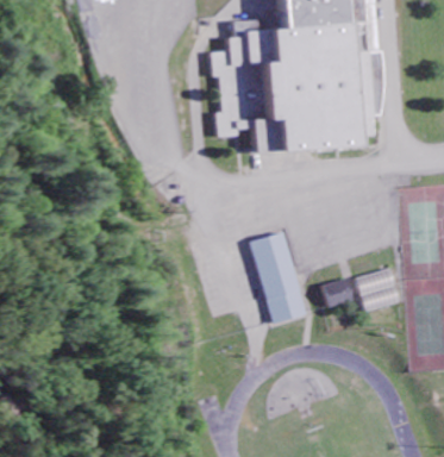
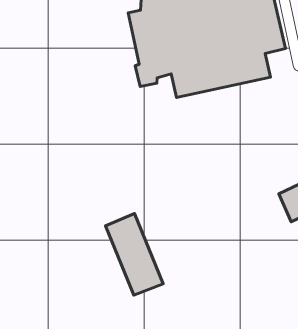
building: [250,231,306,323] -> [105,213,163,295]
building: [323,276,354,306] -> none

